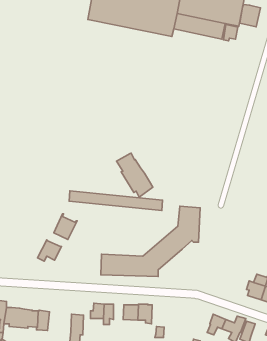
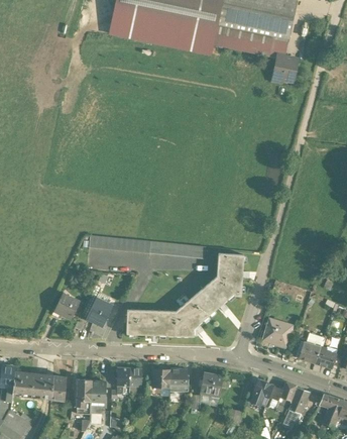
building: [240,4,260,27] -> [273,56,298,82]
building: [117,153,153,197] -> none
building: [54,214,77,240] -> [86,297,113,327]
building: none -> [263,319,291,346]
building: none -> [200,372,223,396]
building: none -> [76,379,92,407]

